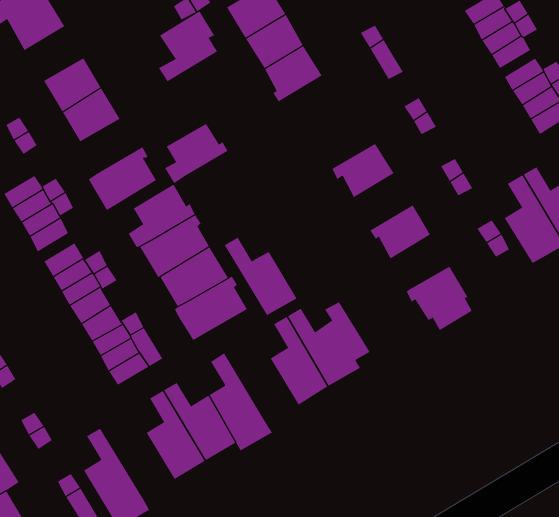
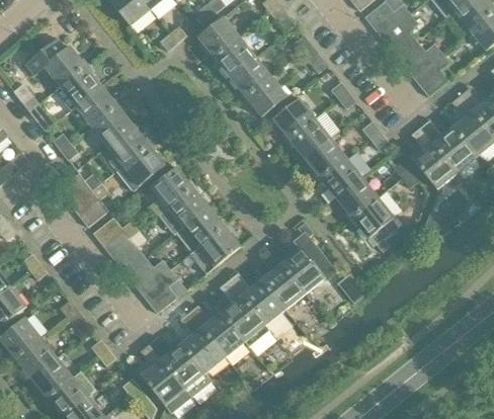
building: [158,11,218,82] -> none
building: none -> [60,64,102,106]
building: none -> [245,76,287,117]
building: none -> [273,98,315,141]
building: [164,123,229,184] -> [107,125,152,171]
building: none -> [305,138,347,180]
building: none -> [336,177,379,218]
building: [224,237,298,316] -> [229,272,285,325]
building: none -> [149,336,212,397]

